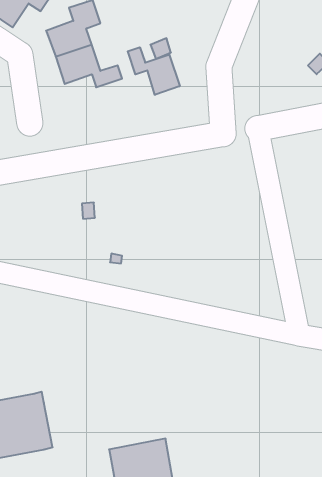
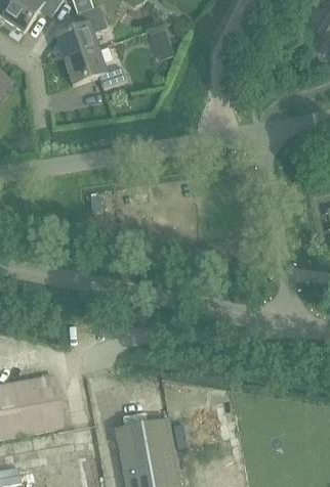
building: [128,47,180,95] -> none

